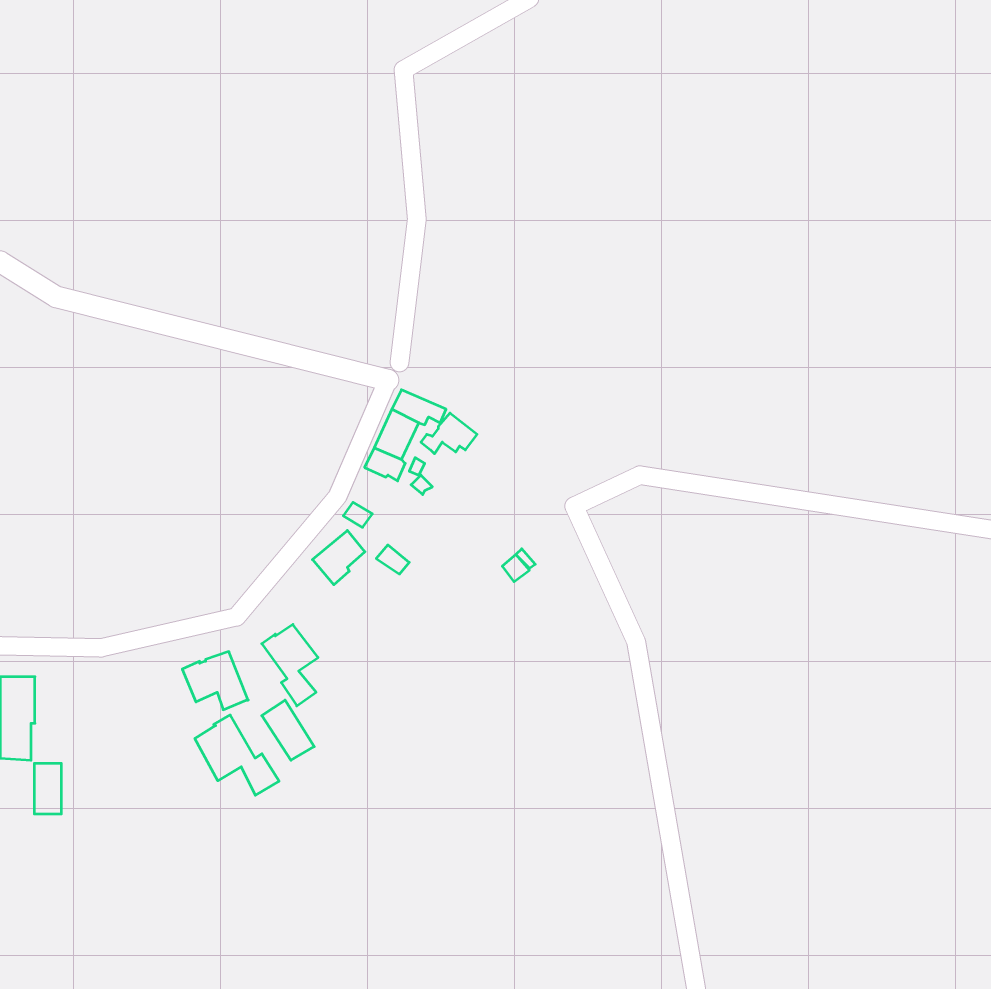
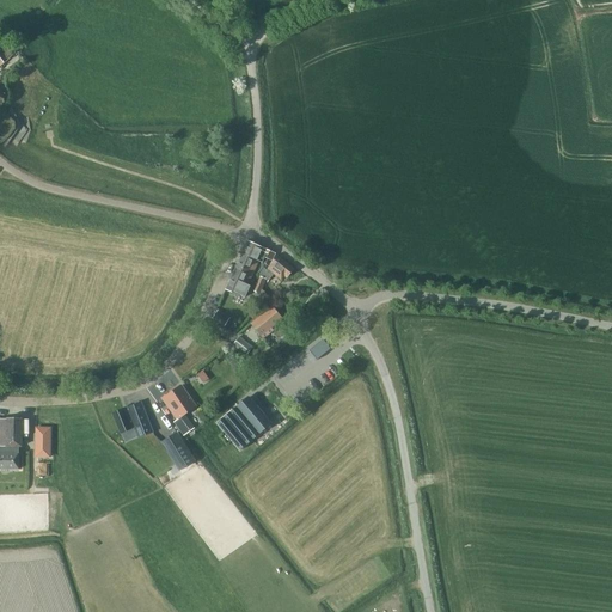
building: [312,530,365,585] -> [250,305,282,338]
building: none -> [216,397,271,449]
building: [195,715,279,795] -> none
building: [34,763,61,814] -> [35,426,51,457]

